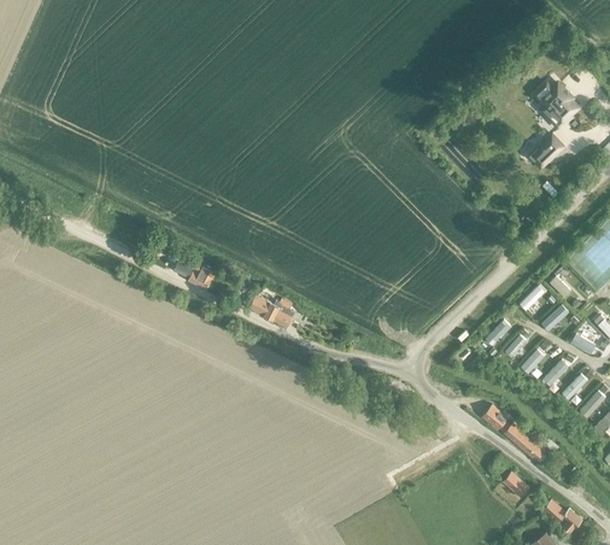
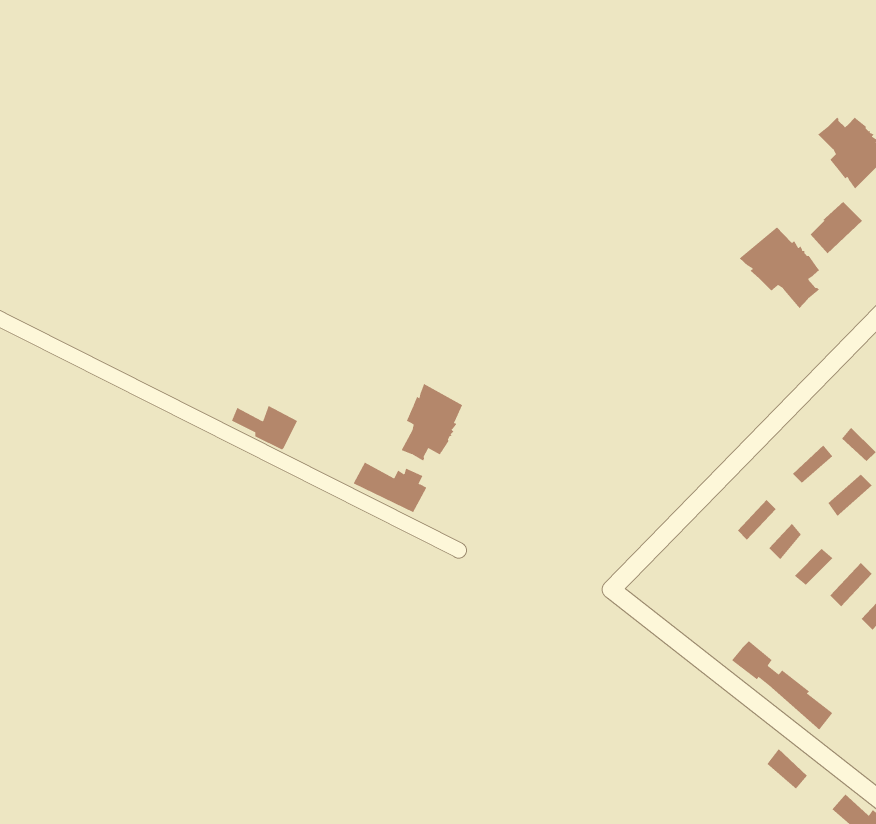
building: none -> [739,227,820,309]
building: none -> [401,383,463,461]

